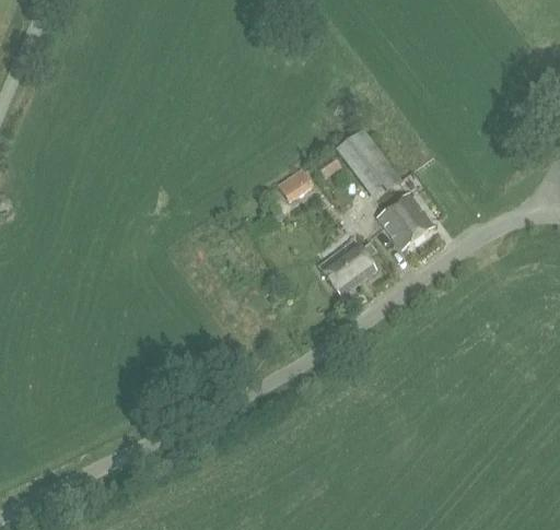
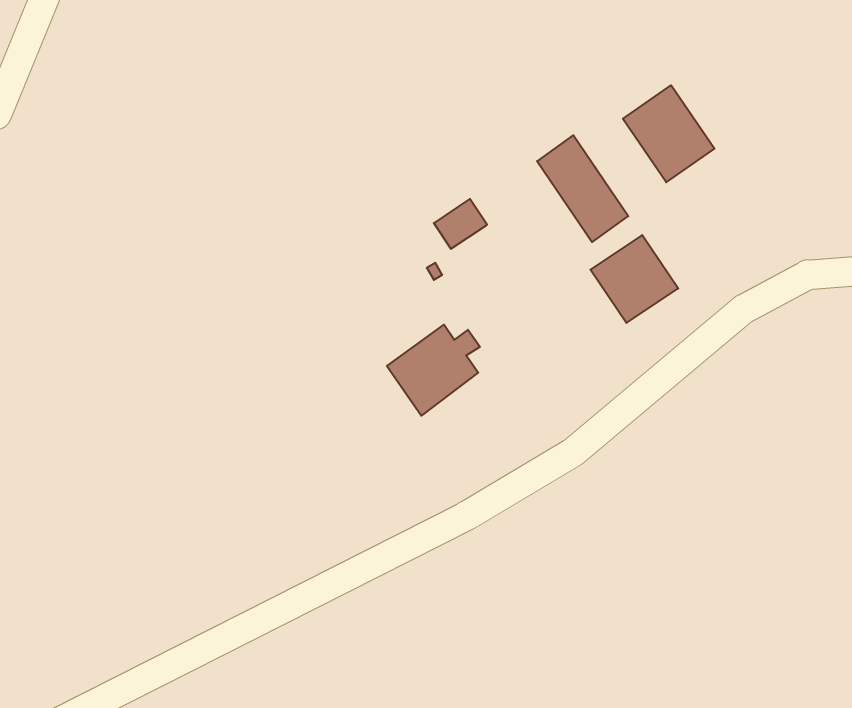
building: none -> [623,85,714,182]
building: [317,239,376,297] -> [387,325,480,416]

